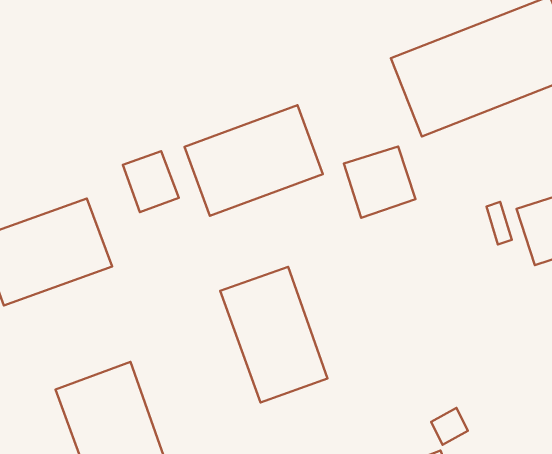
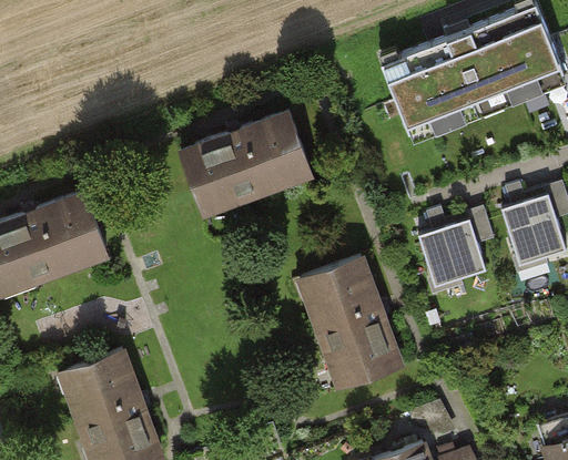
building: [344,146,415,218] -> [416,216,485,285]
building: [123,151,179,212] -> none
building: [220,267,327,402] -> [298,258,402,389]

